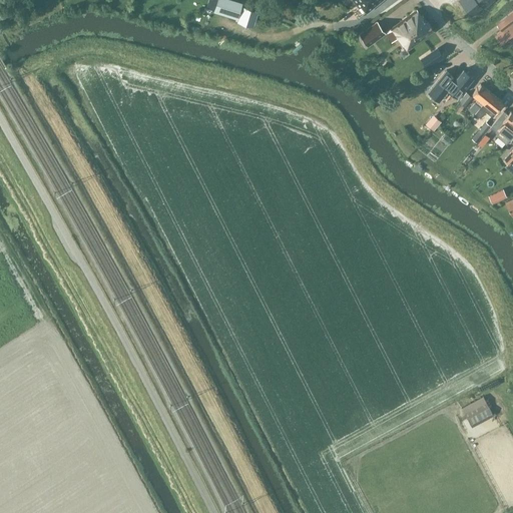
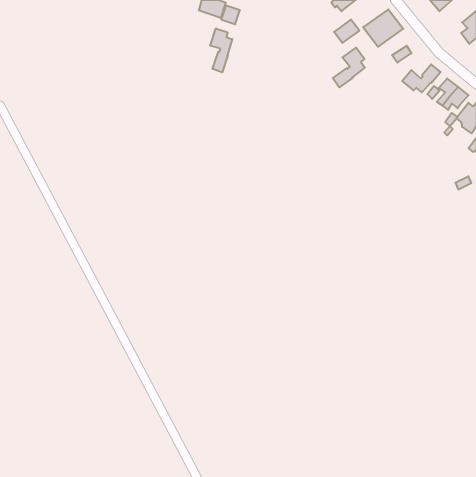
building: none -> [210,28,232,72]
building: none -> [333,48,365,87]
building: [462,402,494,427] -> none

